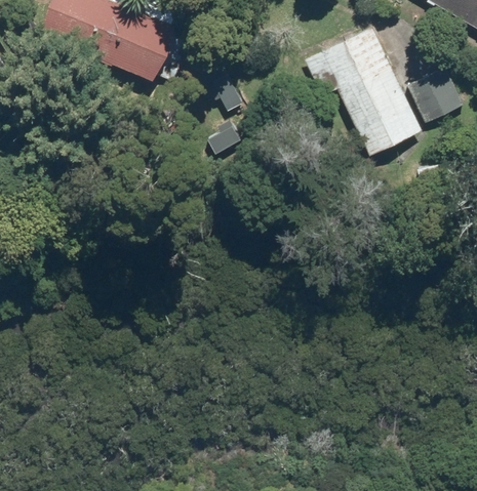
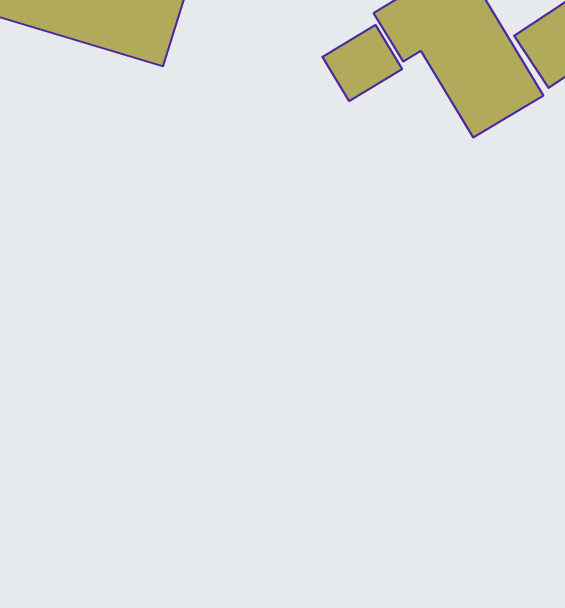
building: none -> [322,25,402,101]

